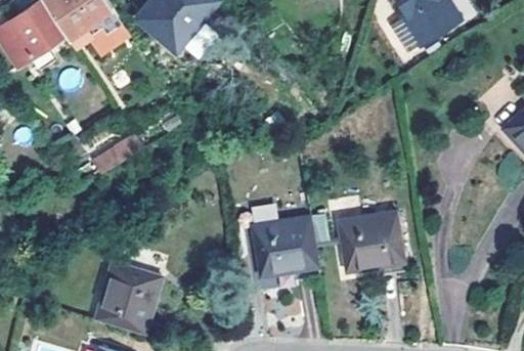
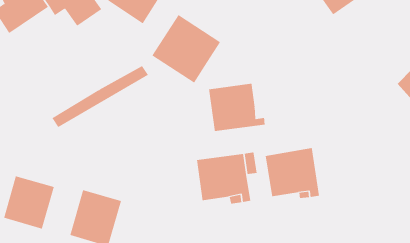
building: none -> [152,14,221,83]
building: none -> [208,83,265,132]
building: none -> [3,175,54,229]

